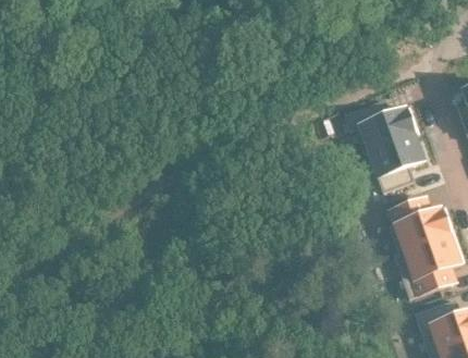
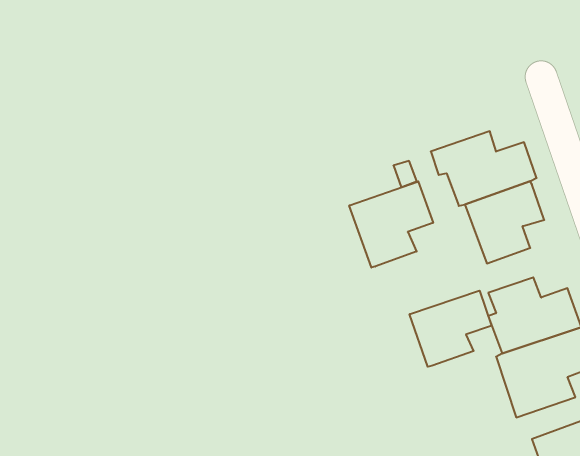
building: none -> [349,181,433,268]
building: none -> [410,291,492,367]

